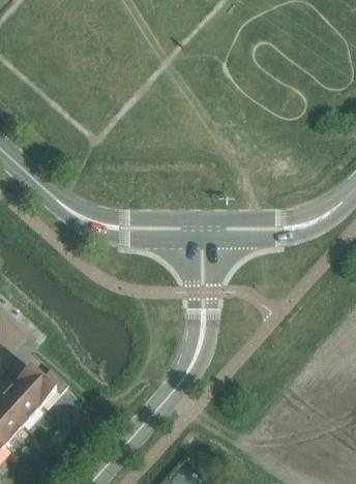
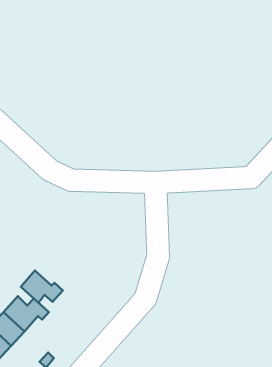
building: none -> [21,271,63,303]

